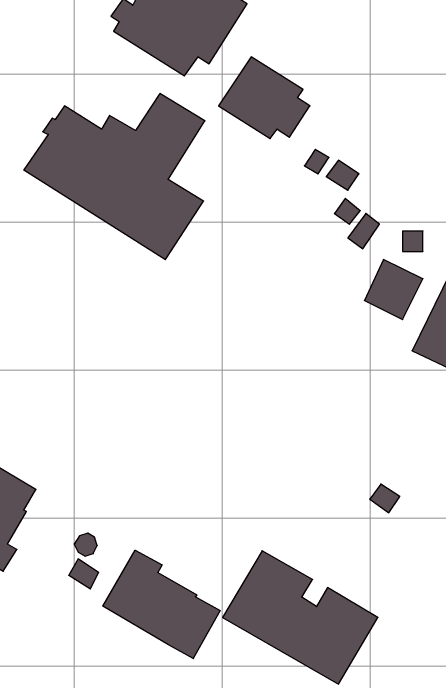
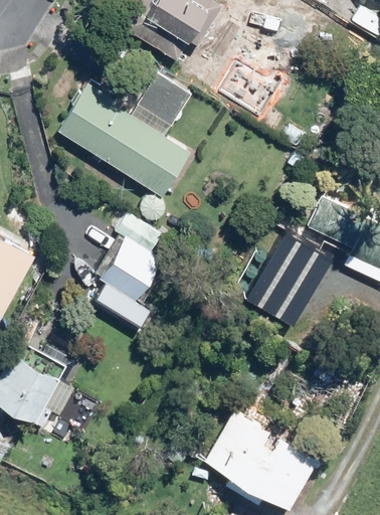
building: none -> [248,233,336,328]
building: none -> [93,234,165,304]
building: [103,550,220,659] -> none

